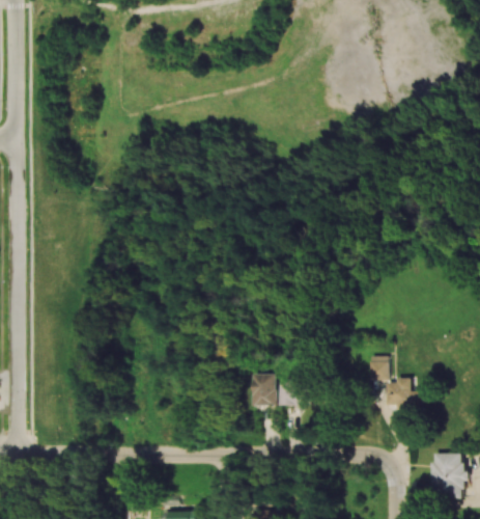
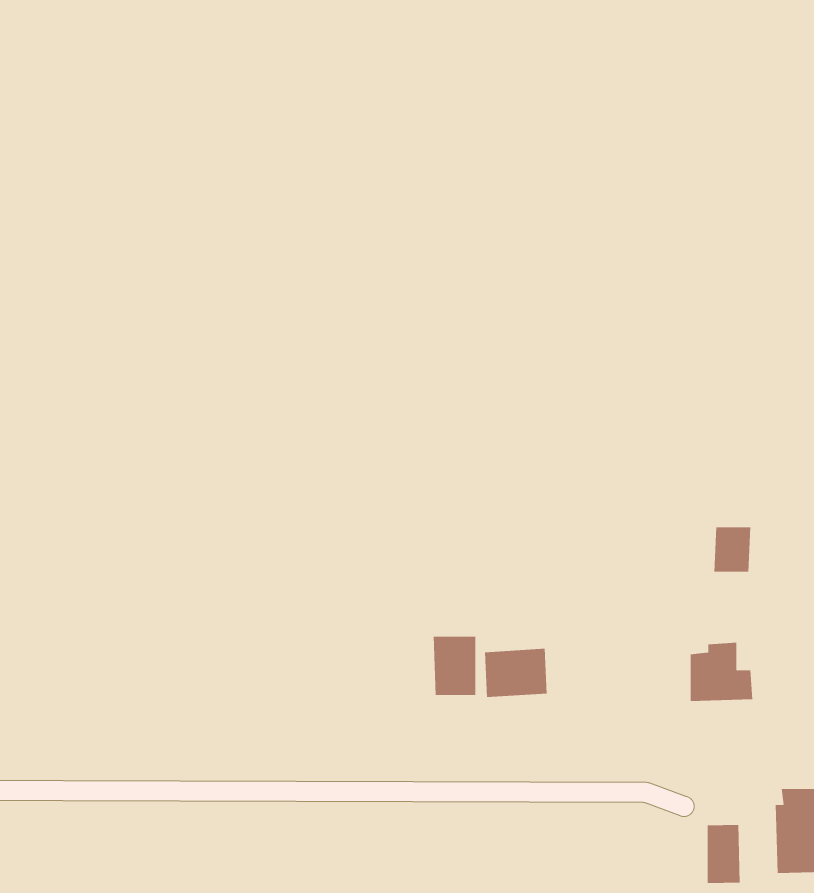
building: [369,356,389,380] -> [713,527,751,572]
building: none -> [707,824,740,884]

